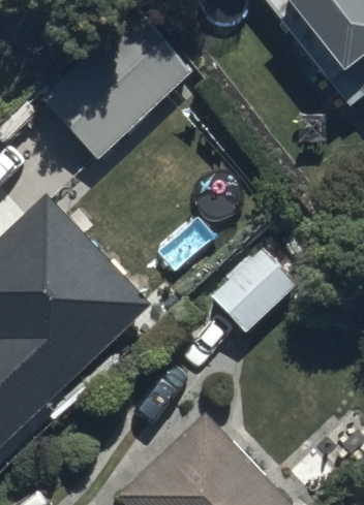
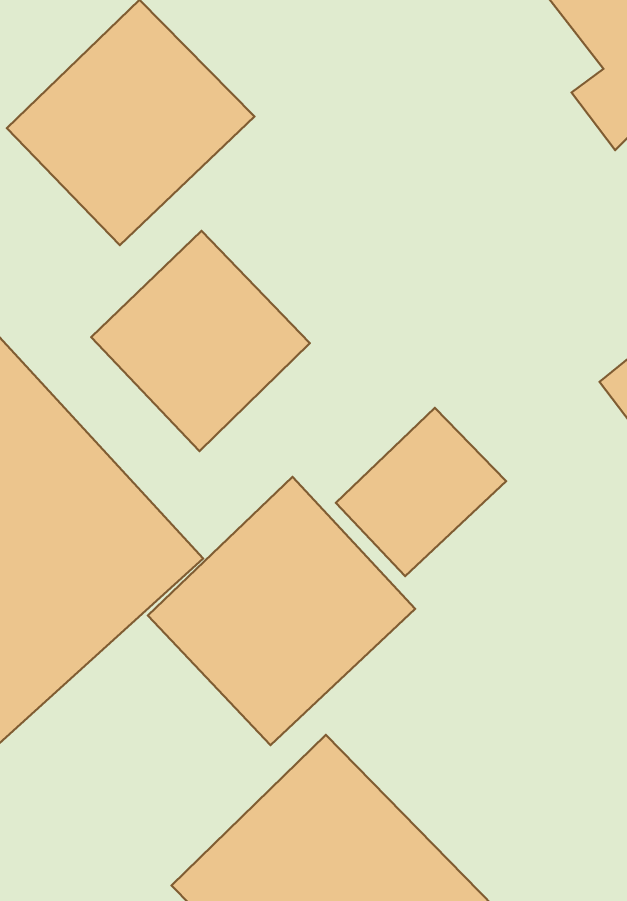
building: none -> [91,231,310,451]
building: none -> [148,477,415,745]

